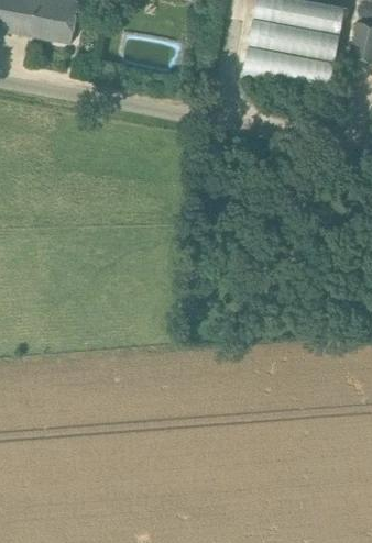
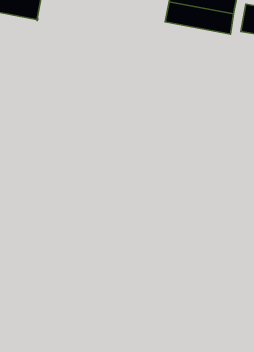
building: [242,46,336,90] -> none

